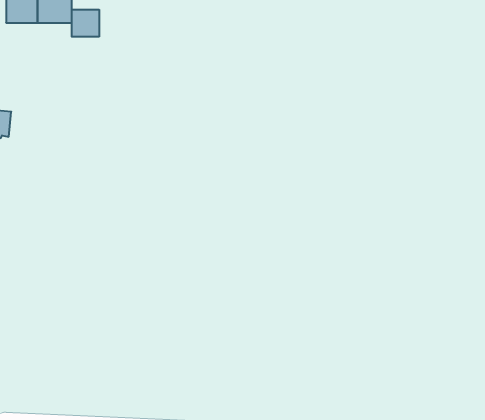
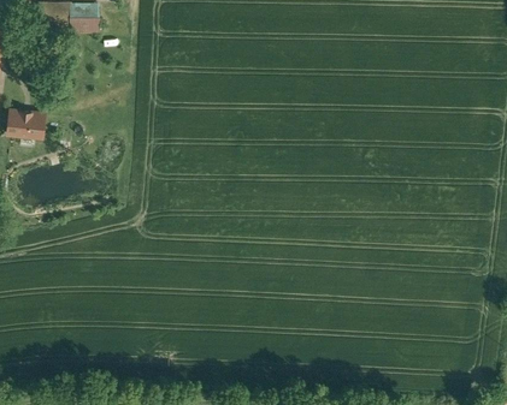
building: [72,10,99,37] -> none

